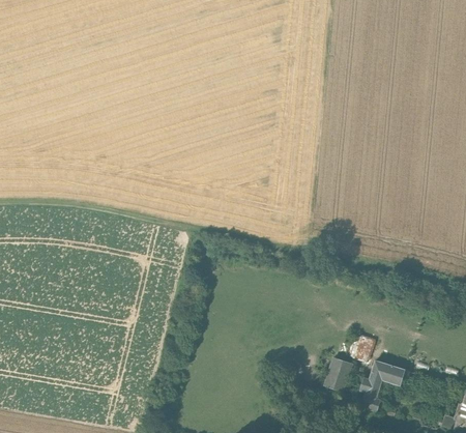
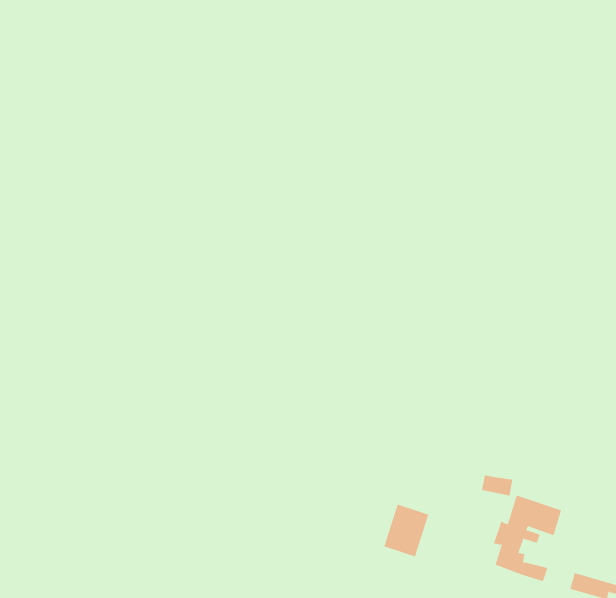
building: [323,356,354,393] -> [384,504,429,557]

